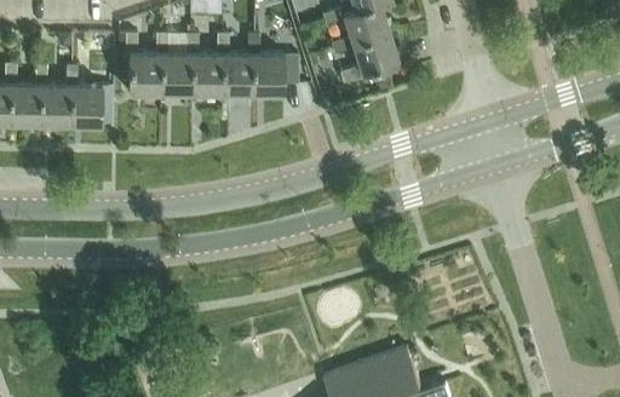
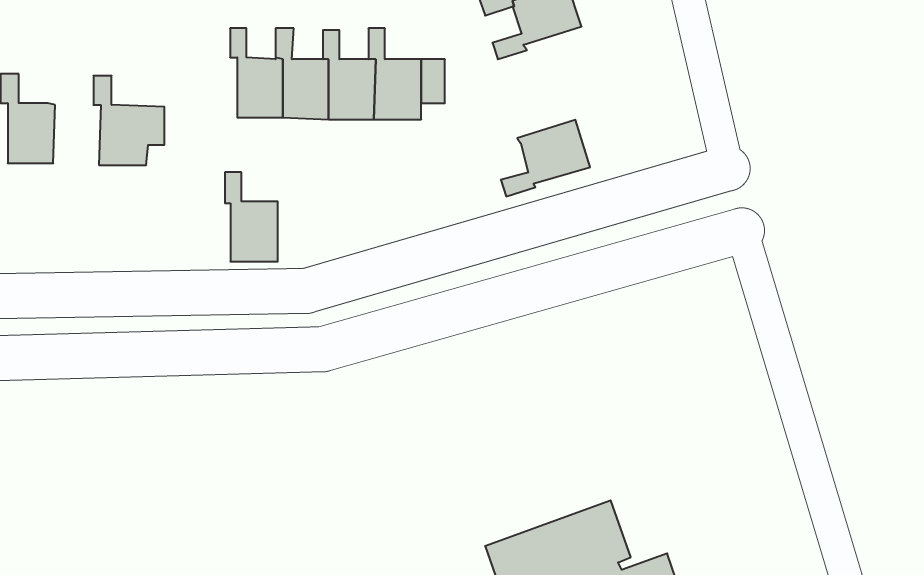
building: [339,31,398,82] -> [501,120,590,196]
building: [125,33,160,92] -> [225,172,278,262]
building: [34,63,69,123] -> none

